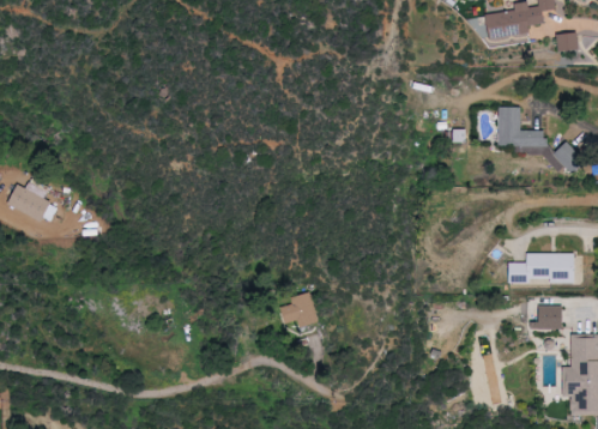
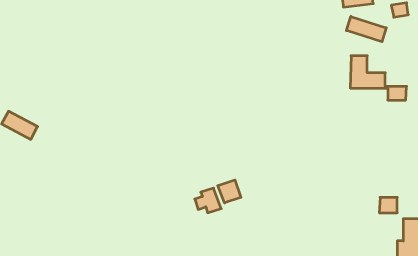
building: none -> [346,16,386,42]
building: [509,253,575,283] -> none
building: none -> [218,180,241,203]

